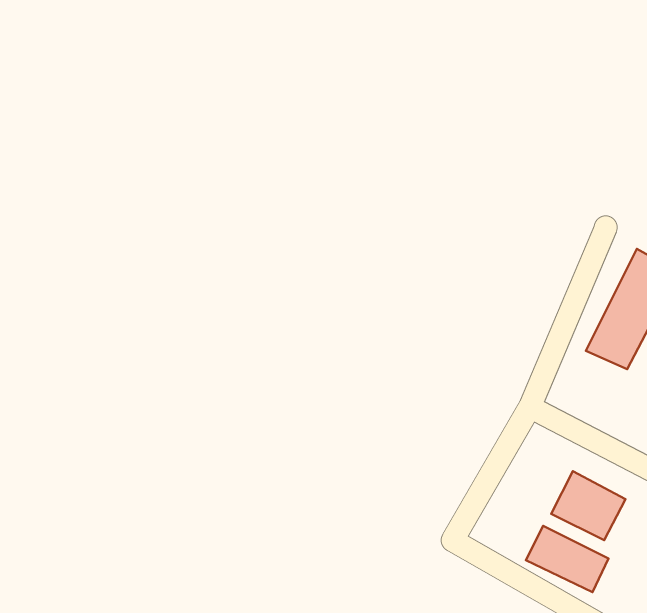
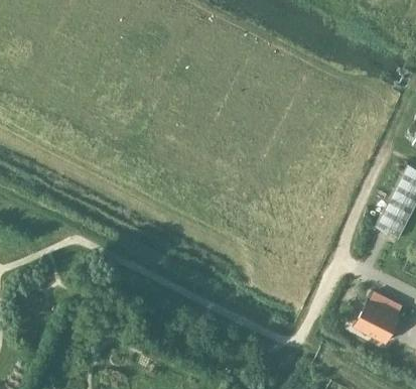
building: [526,526,608,592] -> none

